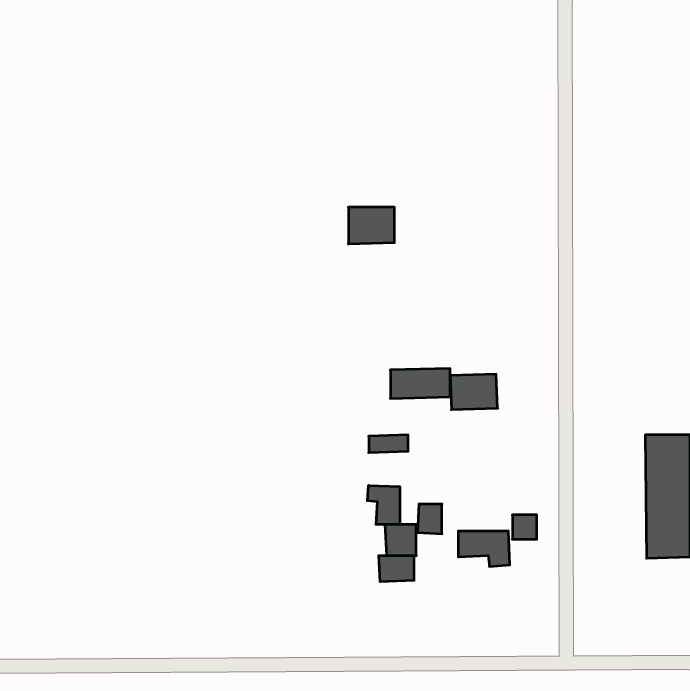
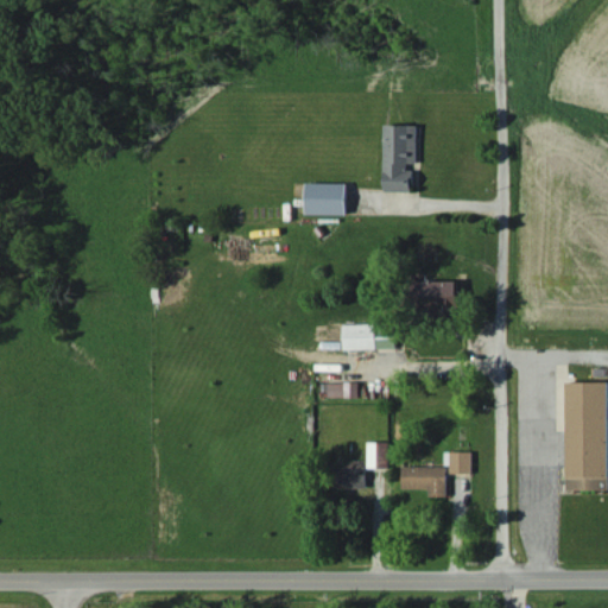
building: none -> [382,125,417,192]
building: [450,374,498,410] -> [417,281,458,312]
building: [367,485,400,524] -> none
building: [379,556,414,582] -> none

